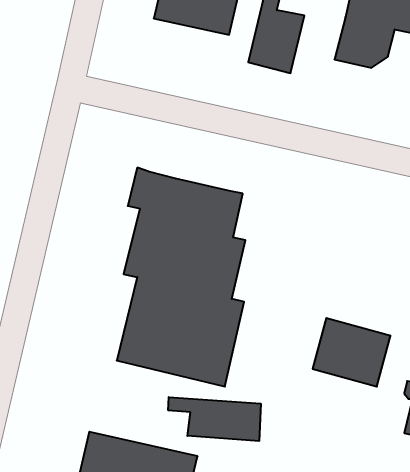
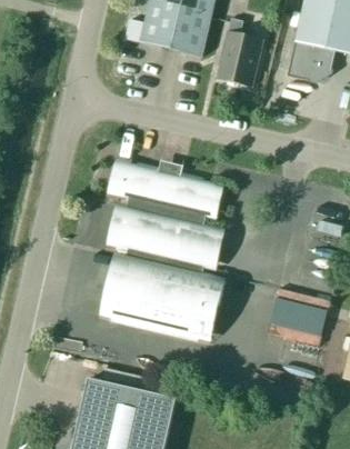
building: [168,397,261,441] -> none

